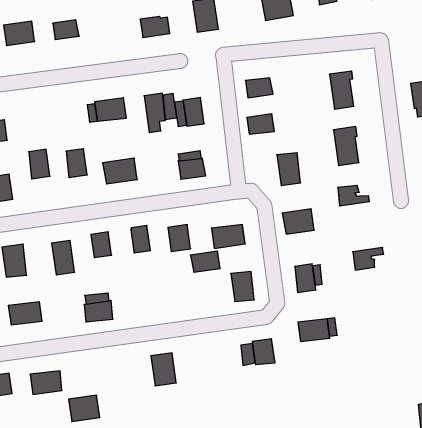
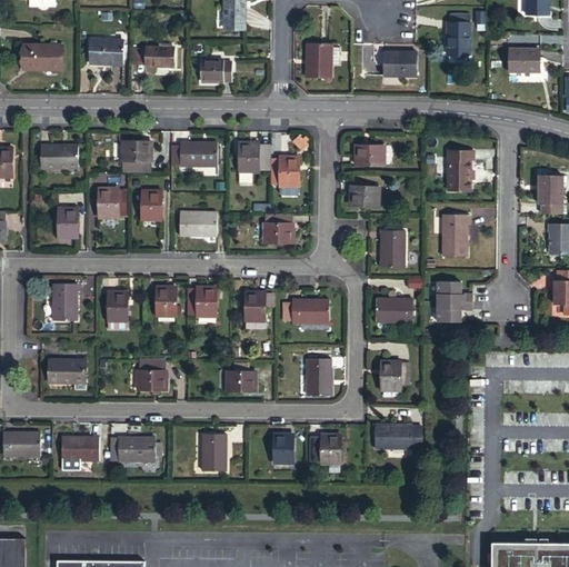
building: [140,16,170,38] -> [200,60,231,81]
building: none -> [122,140,150,162]
building: [353,247,384,270] -> [439,298,473,319]
building: [190,251,220,272] -> [222,369,253,389]
building: none -> [271,436,290,464]
building: [69,395,100,422] -> [121,438,153,464]

